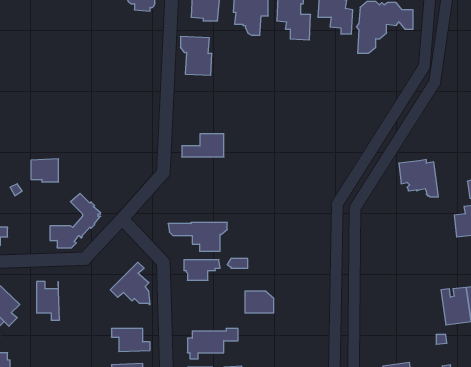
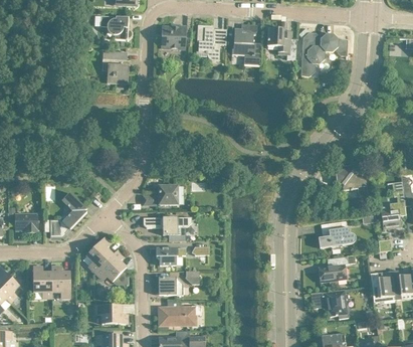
building: [180,37,212,75] -> [102,51,129,83]
building: [182,134,224,157] -> [143,185,178,204]
building: [31,159,59,182] -> [15,213,38,232]
building: none -> [318,220,356,248]
building: none -> [85,236,118,273]
building: none -> [319,256,348,284]
building: none -> [51,266,70,298]
building: [245,291,274,313] -> [159,277,183,295]
building: none -> [311,291,348,318]

